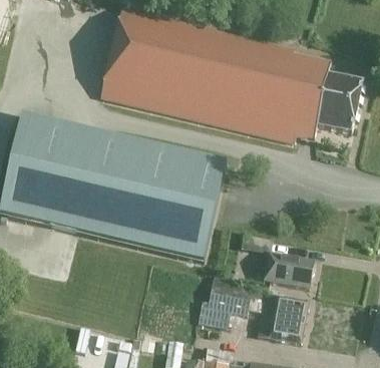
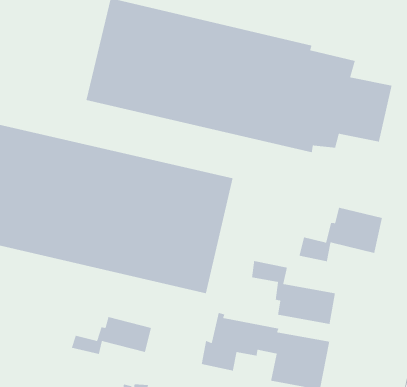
building: none -> [298,207,383,262]
building: none -> [71,316,152,355]

